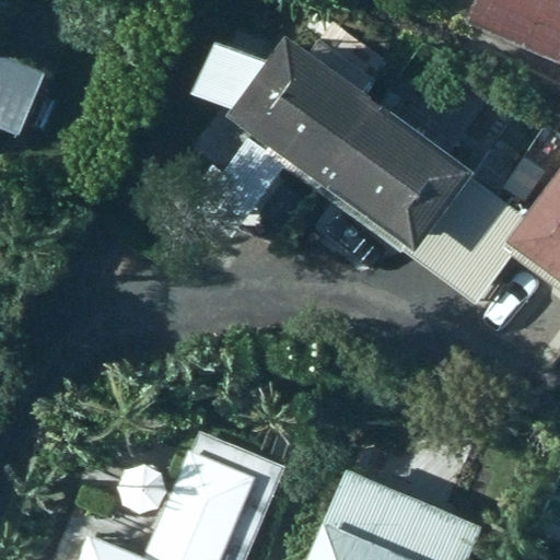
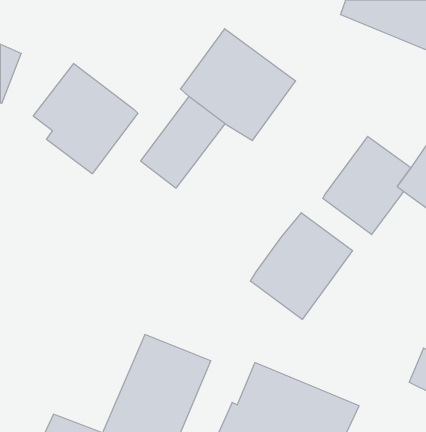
building: none -> [33,64,138,174]
building: [335,106,483,252] -> none
building: none -> [250,213,353,319]

